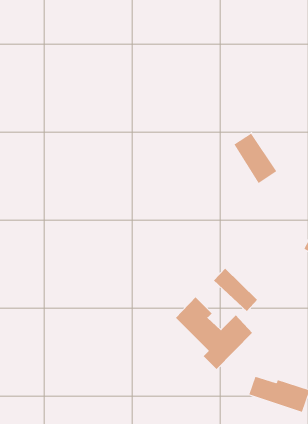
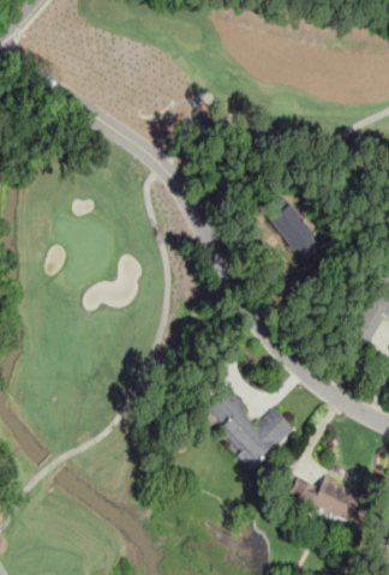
building: [213,268,258,312] -> none

